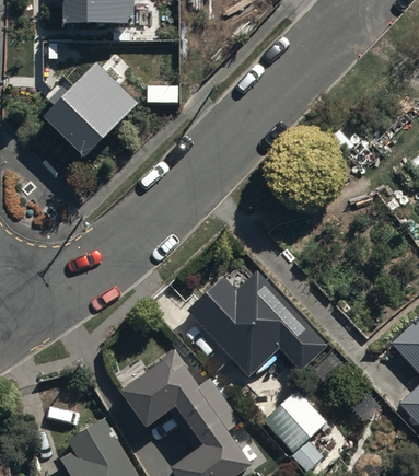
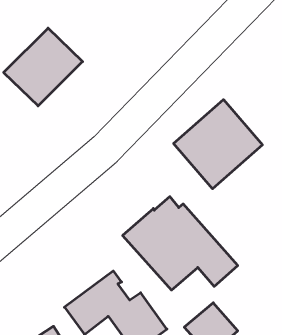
building: none -> [174,100,262,189]

